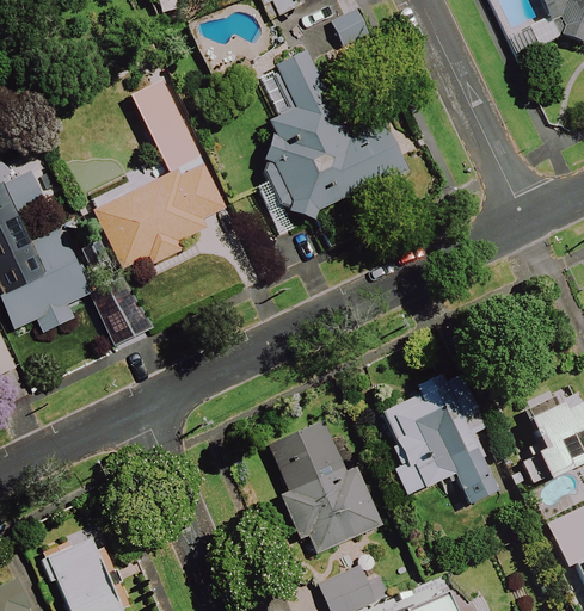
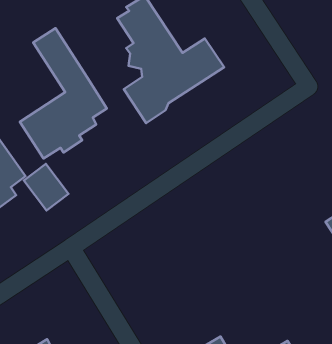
building: [383,370,498,504] -> none
building: [268,419,382,551] -> none

